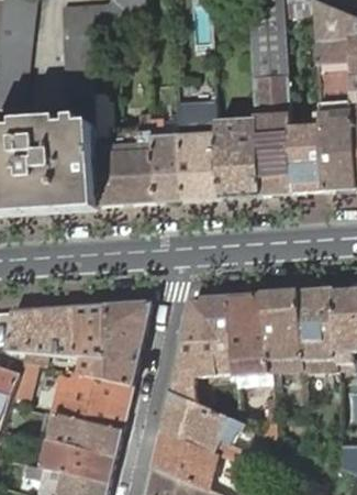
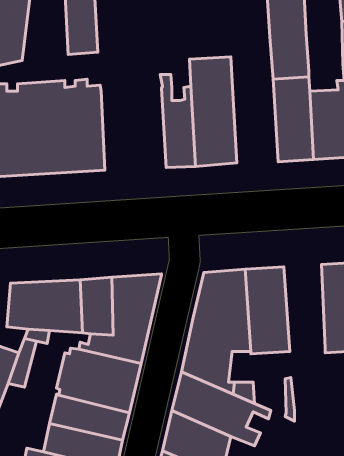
building: [92,92,156,205] -> none
building: [217,118,260,196] -> none
building: [266,290,304,388] -> none

